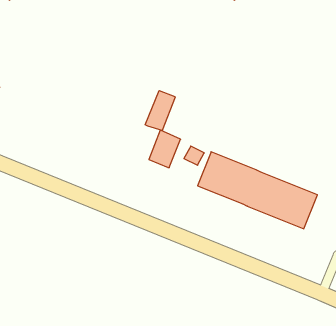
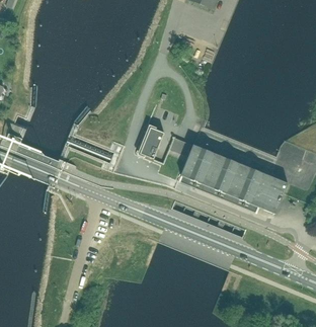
building: [145,91,175,130] -> none

